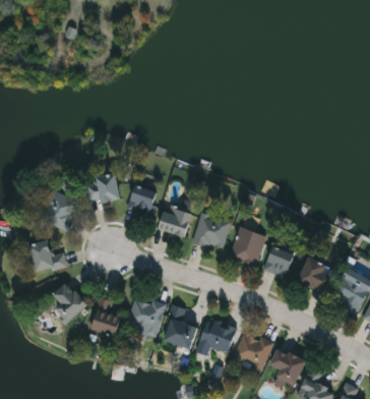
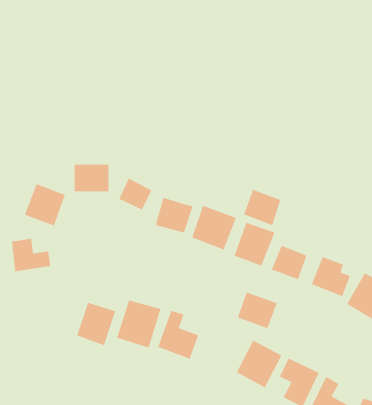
building: none -> [243,189,281,226]
building: [51,282,86,326] -> none
building: [199,319,236,352] -> [237,292,278,329]

